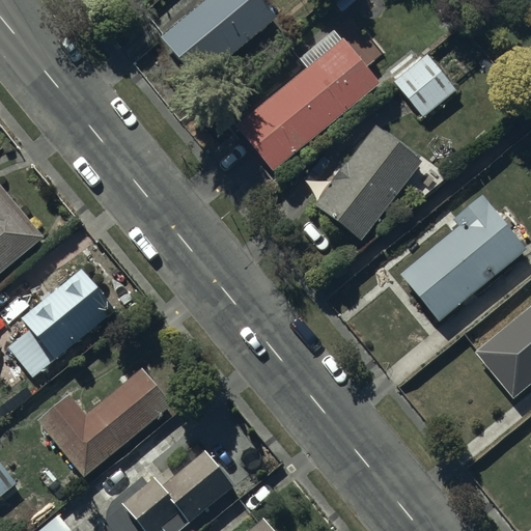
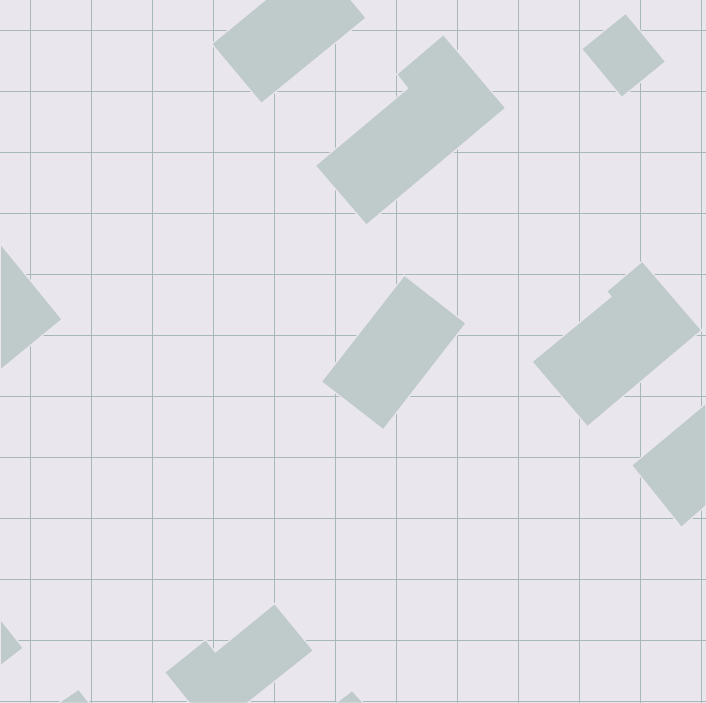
building: [392,52,455,115] -> [581,13,666,97]
building: [313,121,422,237] -> [321,275,466,430]
building: [8,271,116,381] -> none
building: [38,371,174,481] -> none

